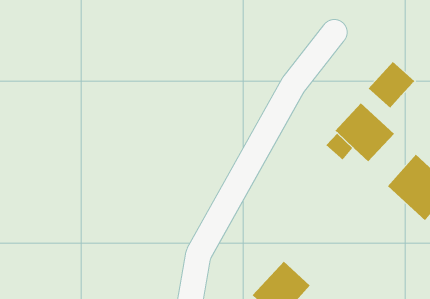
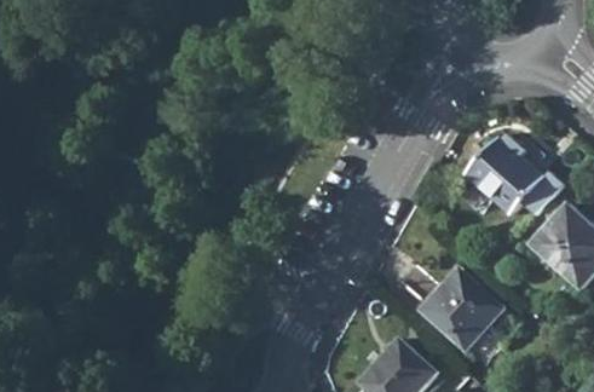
building: [368,61,415,108] -> none
building: none -> [422,270,500,347]

